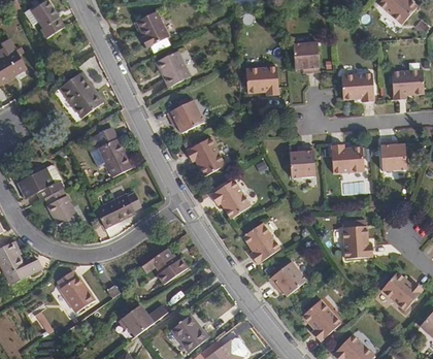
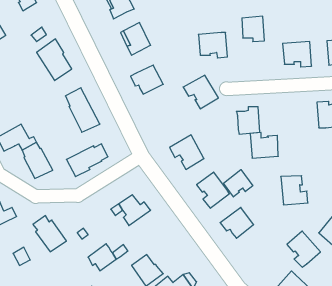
building: [187,137,227,175] -> [183,75,218,109]
building: [332,144,364,173] -> [250,133,278,158]
building: none -> [224,170,253,197]
building: [303,300,341,341] -> [287,231,320,267]

